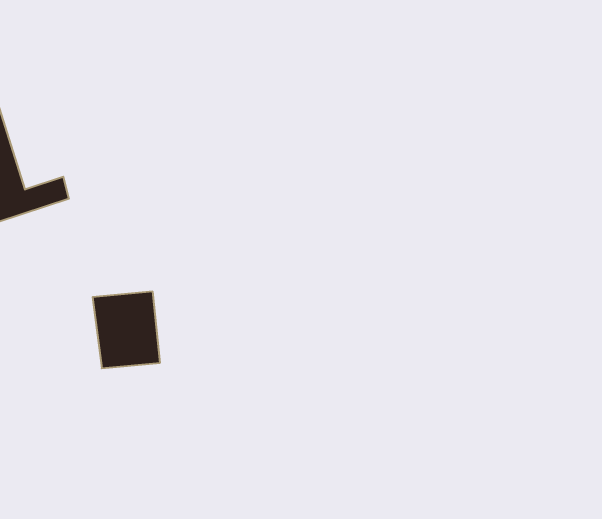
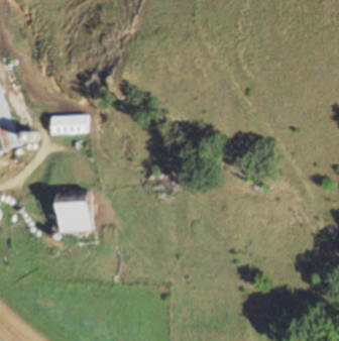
building: none -> [49,115,87,135]

